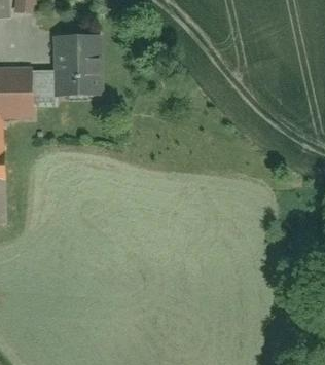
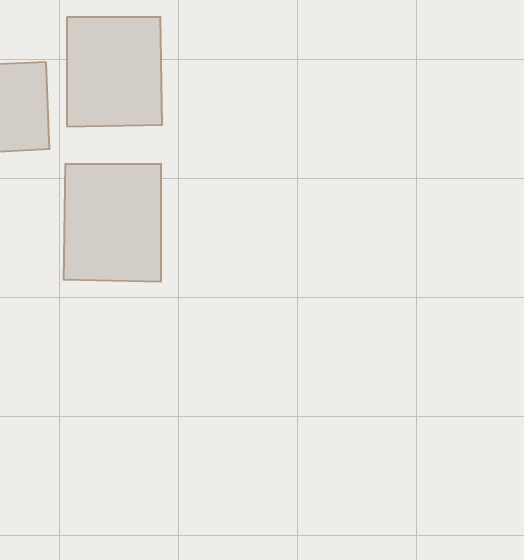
building: none -> [64,164,161,282]

